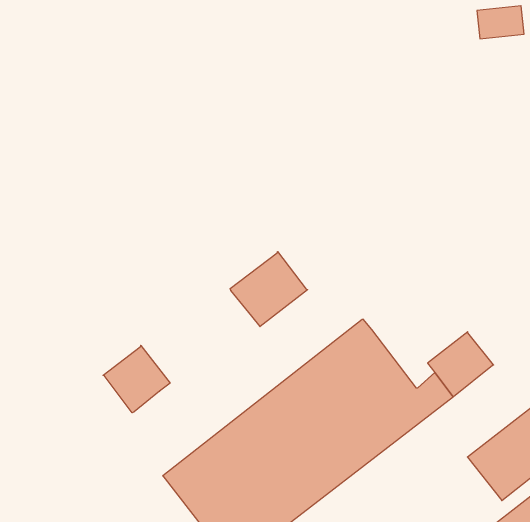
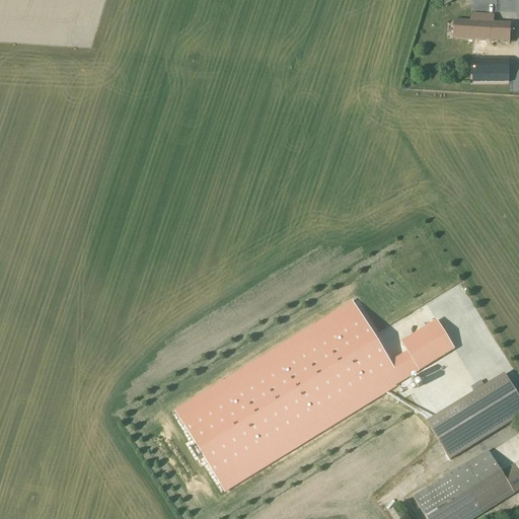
building: [230,252,308,327] -> none
building: [103,345,170,413] -> none

